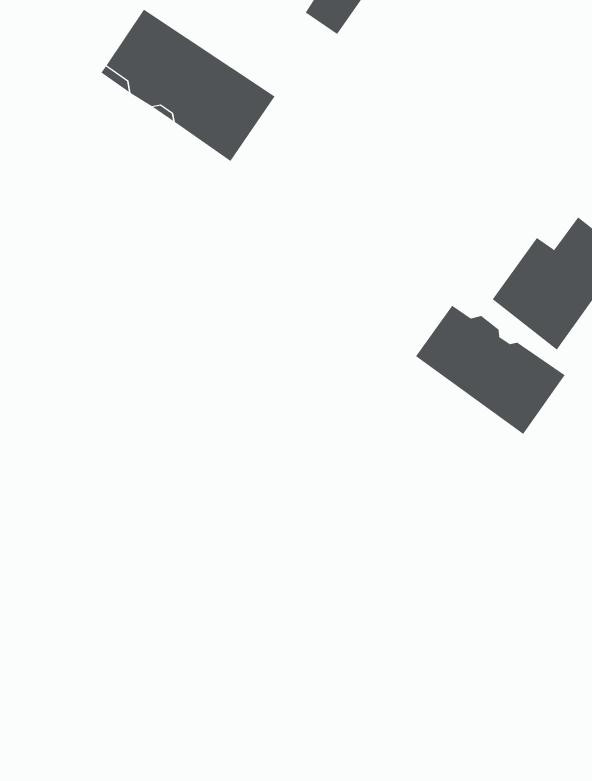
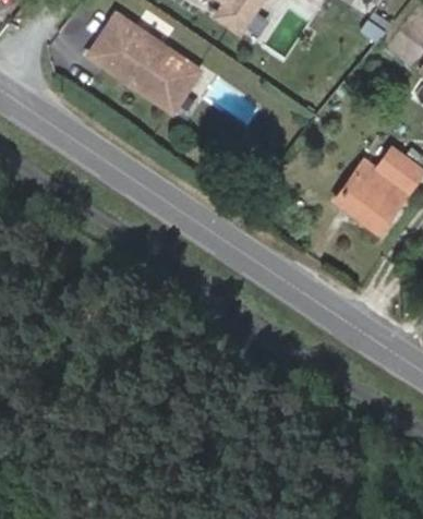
building: [415,305,566,435] -> none

